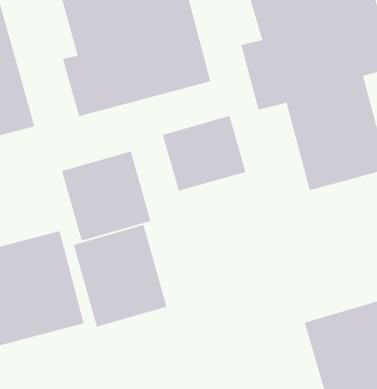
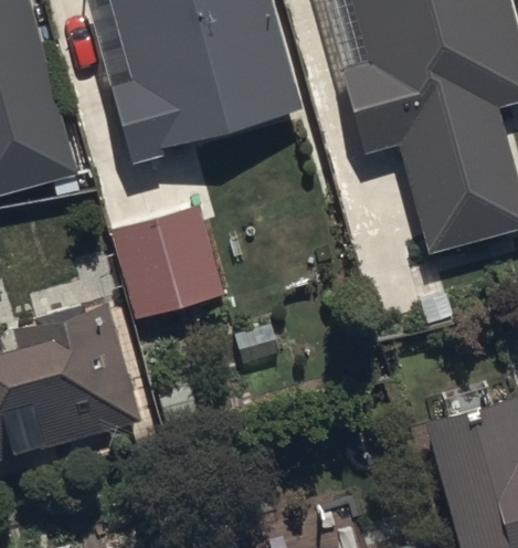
building: [162,115,246,192] -> none
building: [73,224,167,327] -> none

